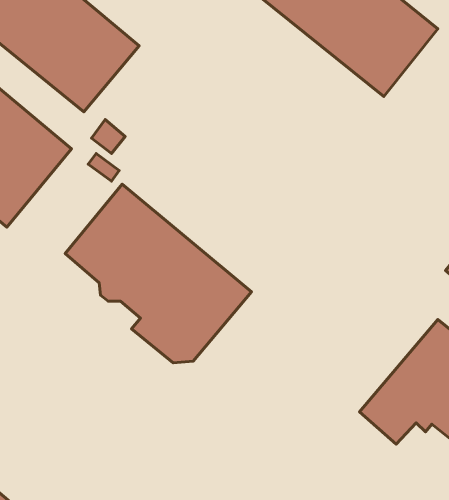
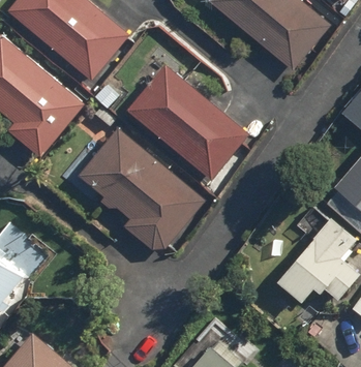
building: none -> [126,63,248,179]

